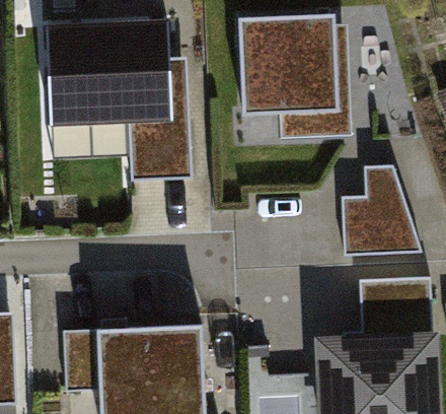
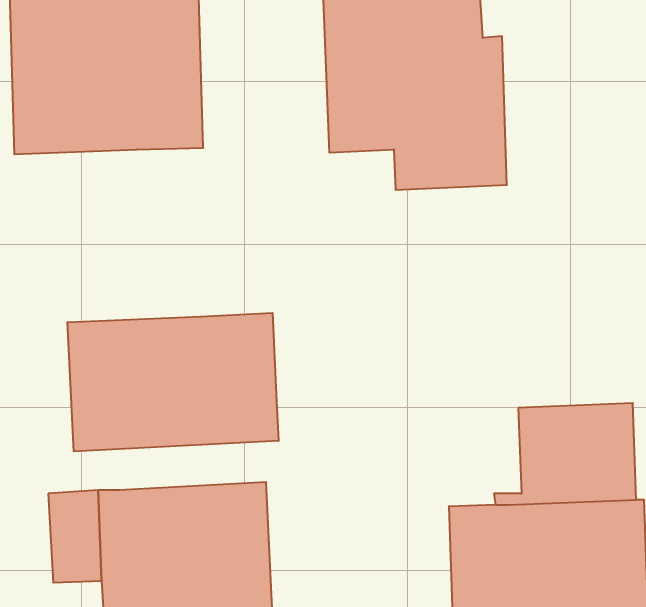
building: [119,51,179,174] -> none
building: [344,167,423,256] -> none
building: none -> [68,313,279,451]

